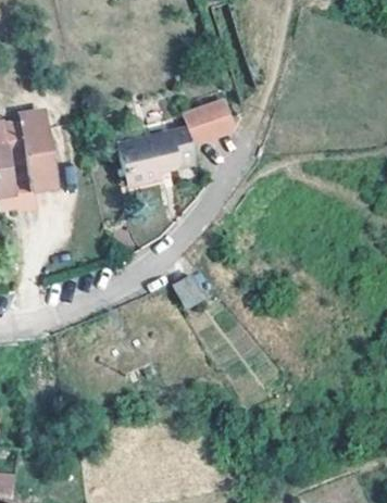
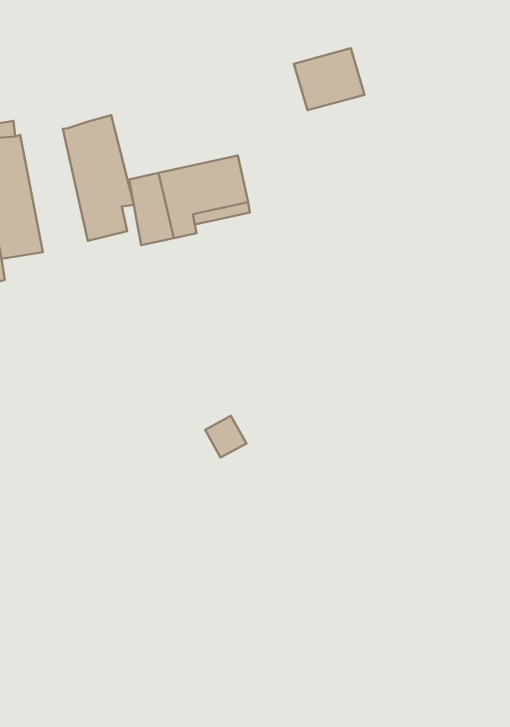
building: [186,101,230,140] -> [294,48,365,110]
building: none -> [63,115,134,241]

